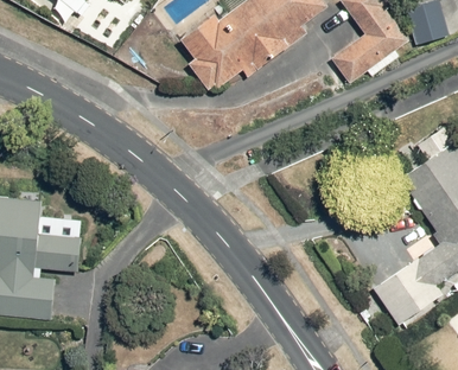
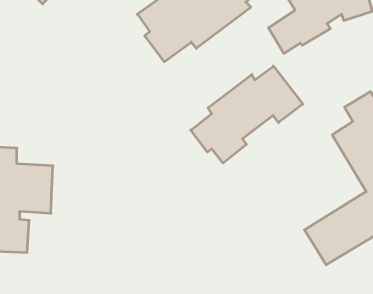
building: none -> [191,66,303,163]

